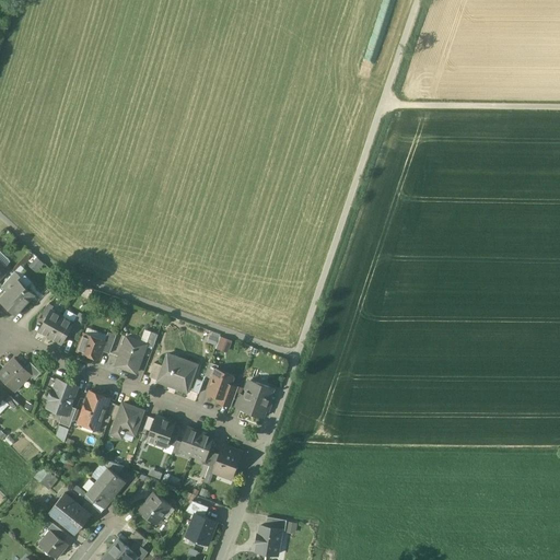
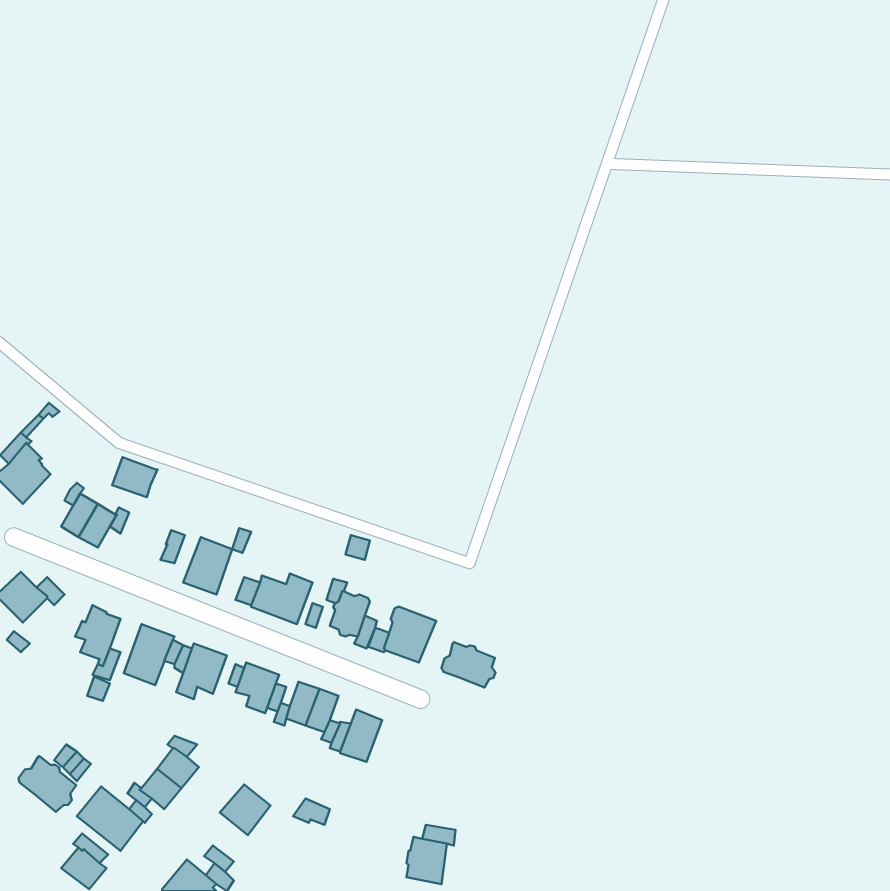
building: [77,334,105,359] -> [112,457,157,497]
building: none -> [441,642,496,687]
building: none -> [19,756,76,812]
building: [186,514,215,545] -> none

